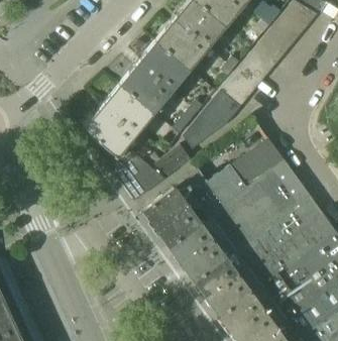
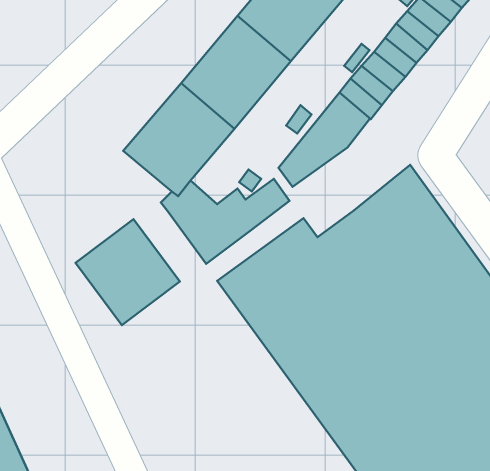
building: none -> [76,219,180,325]

